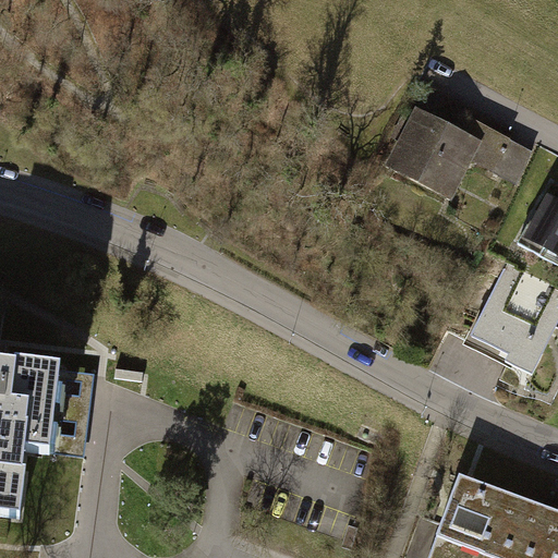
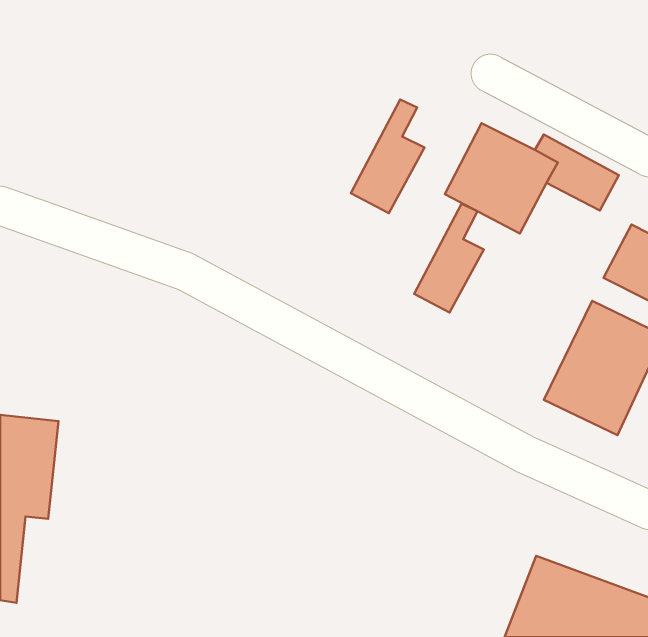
building: none -> [351,99,424,213]
building: none -> [414,204,484,313]

